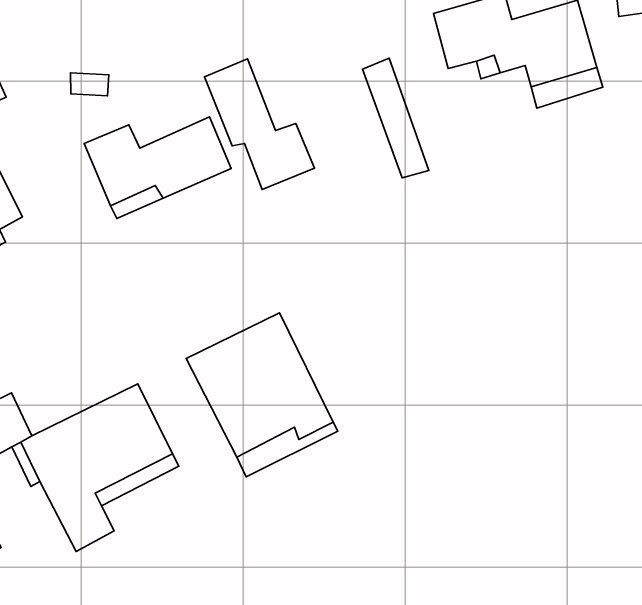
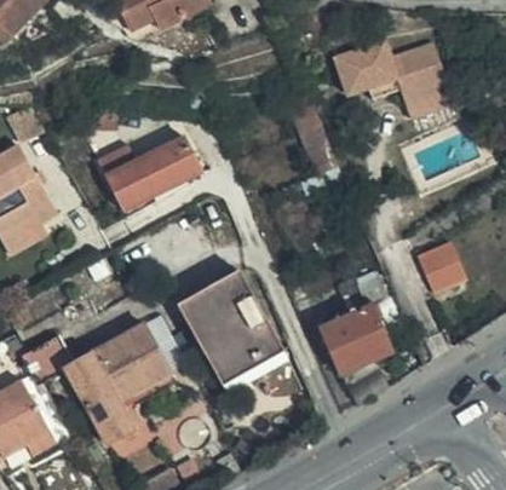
building: [204,59,314,190] -> none
building: none -> [418,242,466,292]
building: none -> [324,306,389,370]

